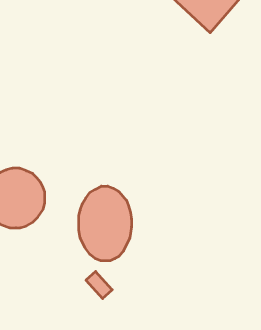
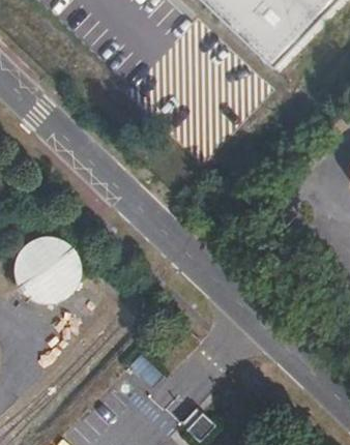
building: [79,186,131,261] -> none

